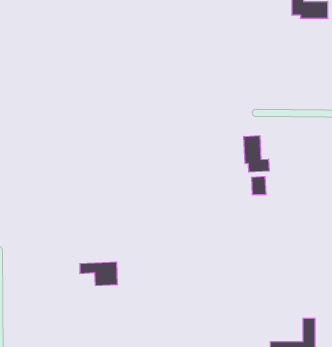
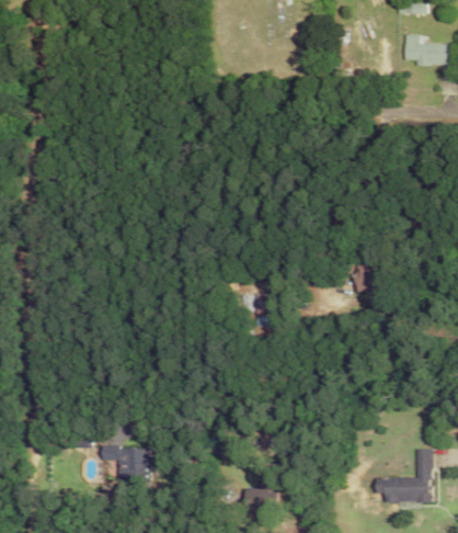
building: [244,136,269,172] -> none
building: [80,262,118,285] -> [101,446,149,476]

